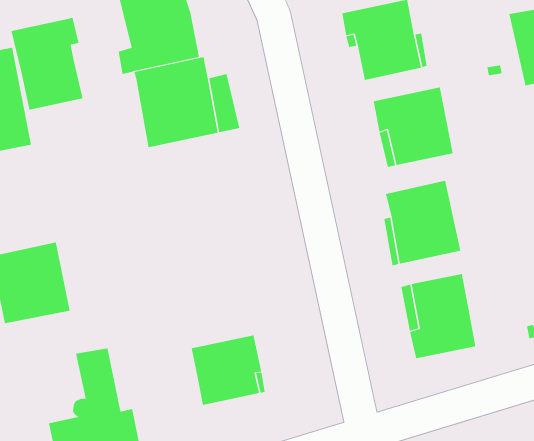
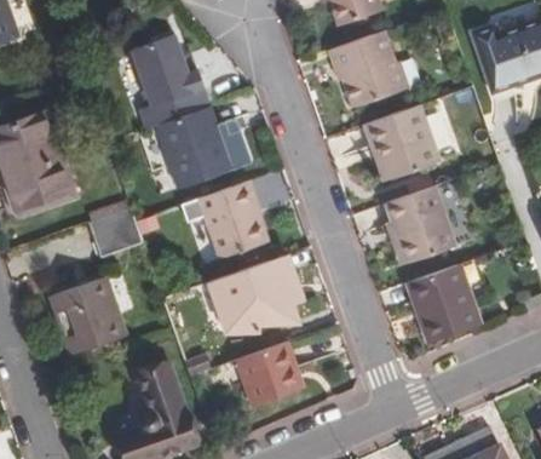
building: [11,17,83,111] -> none
building: none -> [197,177,265,258]
building: none -> [88,211,144,260]
building: none -> [211,256,294,329]

